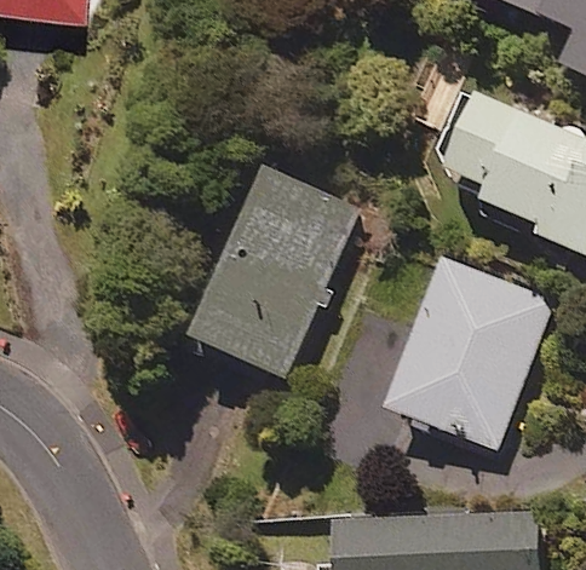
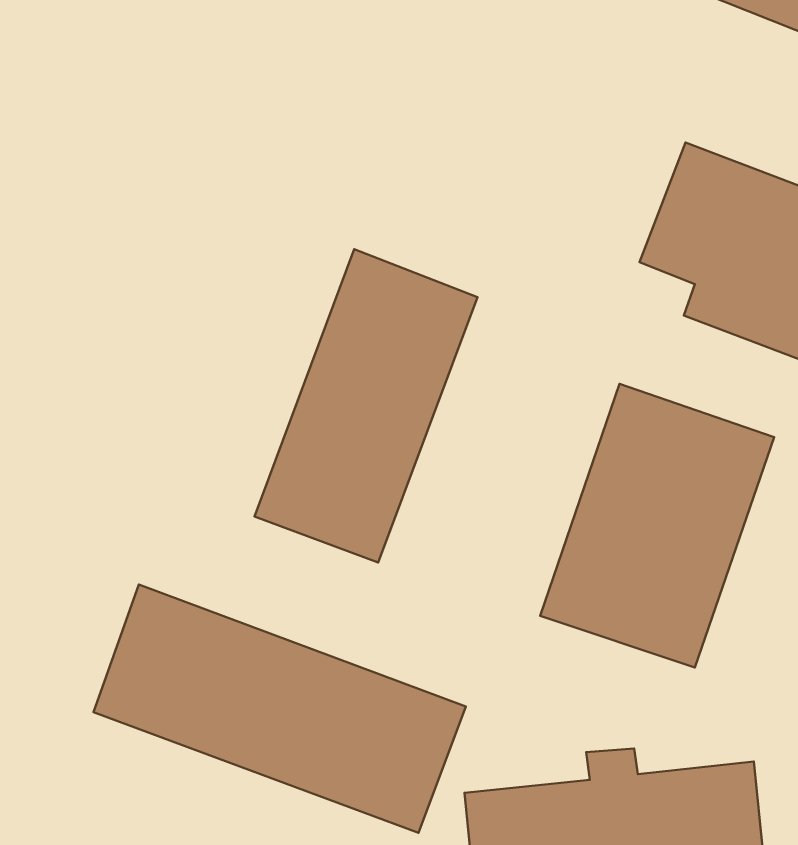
building: none -> [94,584,466,833]

